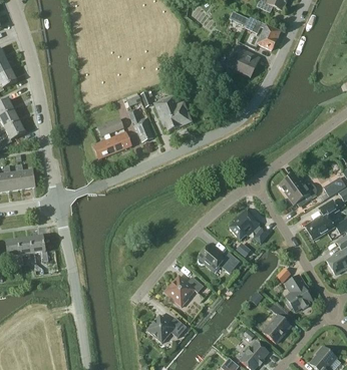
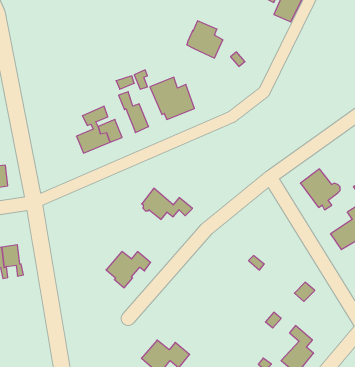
building: [227,46,257,77] -> [187,21,223,58]
building: [229,209,269,243] -> none
building: [198,244,240,270] -> [142,188,192,219]
building: [285,275,312,311] -> none
building: [165,276,203,306] -> [106,252,151,288]

